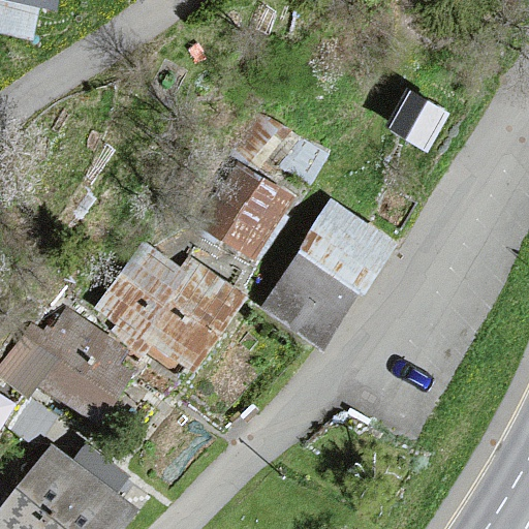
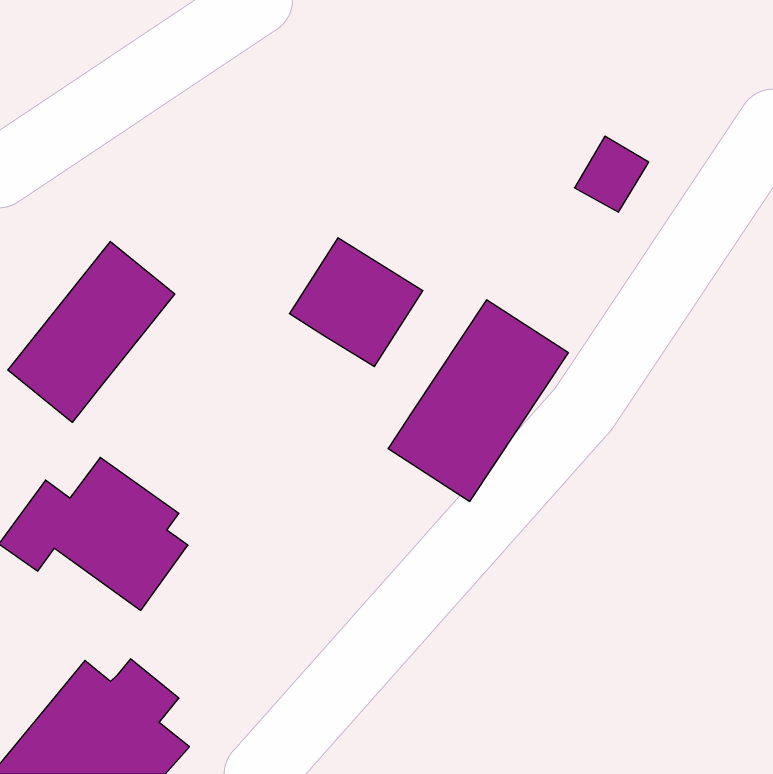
building: none -> [8,241,175,422]
building: [100,250,239,365] -> none

